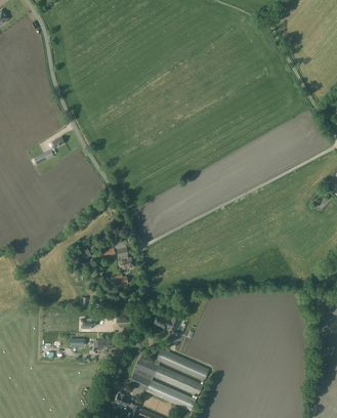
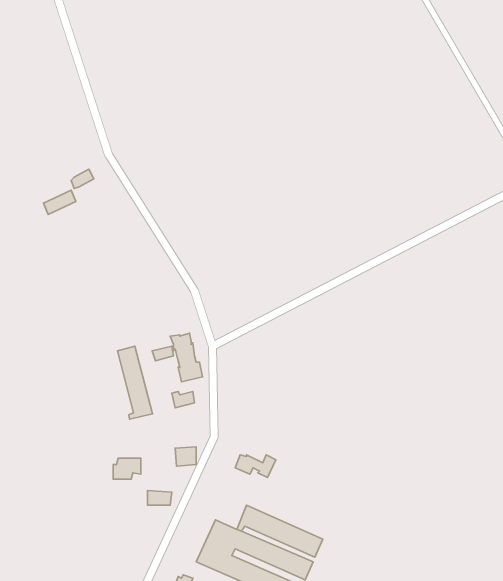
building: none -> [118,346,153,419]

